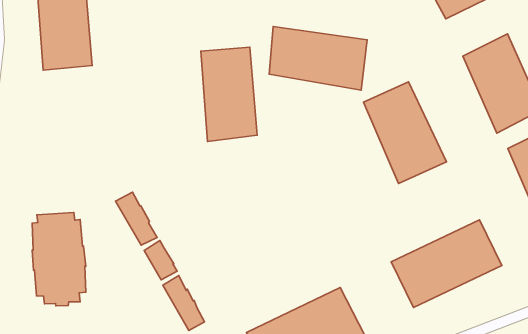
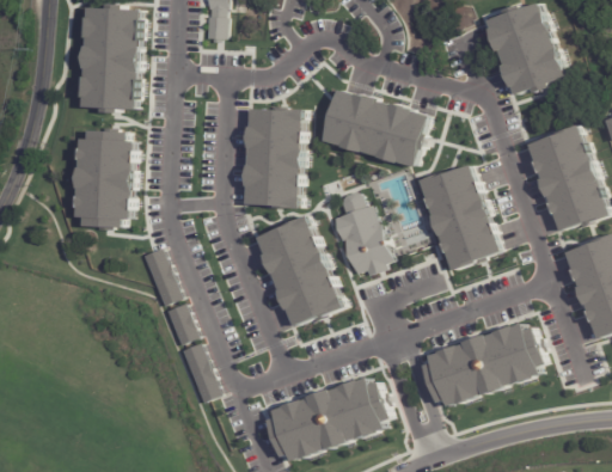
building: none -> [326,189,385,271]
building: none -> [258,215,342,321]
building: [32,212,86,306] -> [76,128,133,228]

